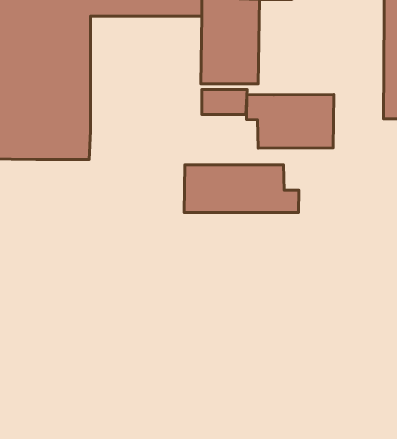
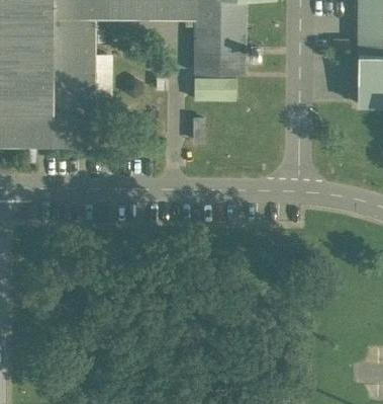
building: [247,94,334,148] -> none
building: [184,165,299,213] -> none

